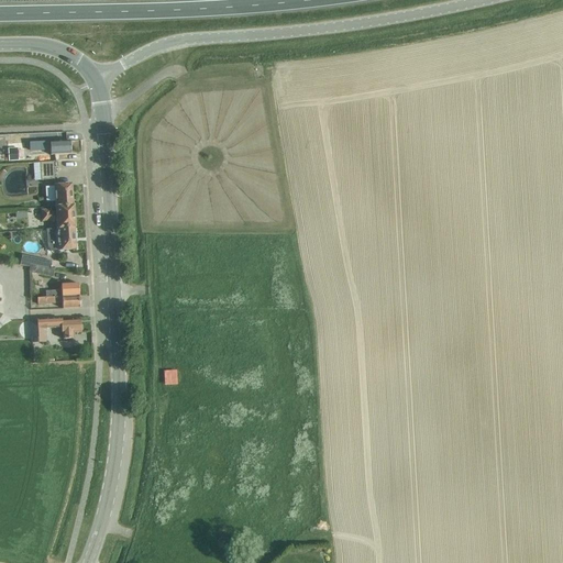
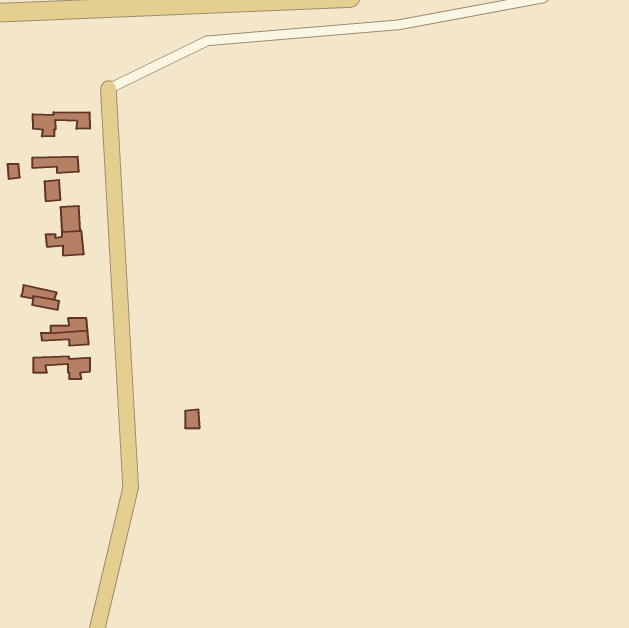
building: none -> [33,112,90,137]
building: [46,227,75,250] -> none

